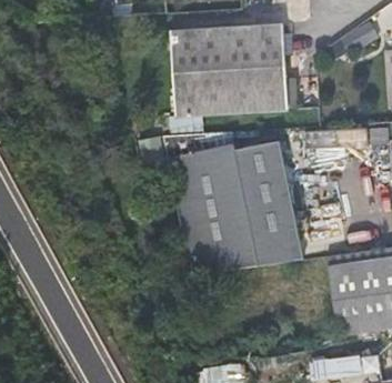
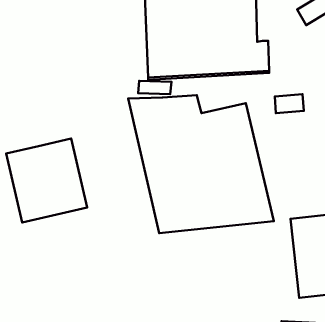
building: none -> [6,138,87,223]

